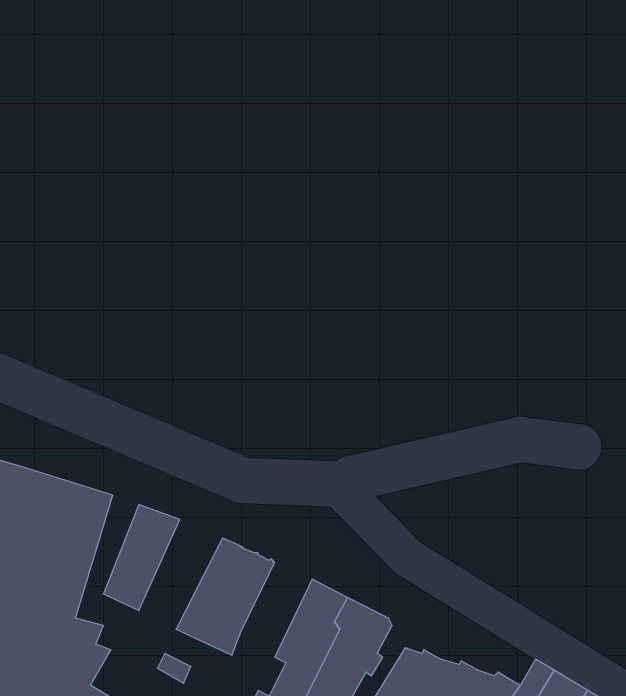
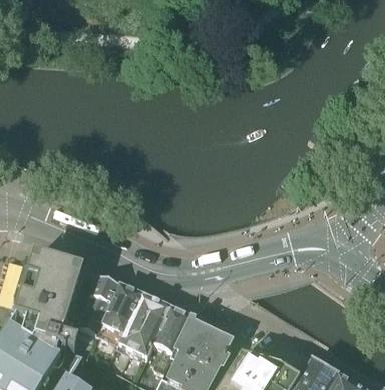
building: none -> [98,283,143,342]
building: none -> [153,306,191,371]

